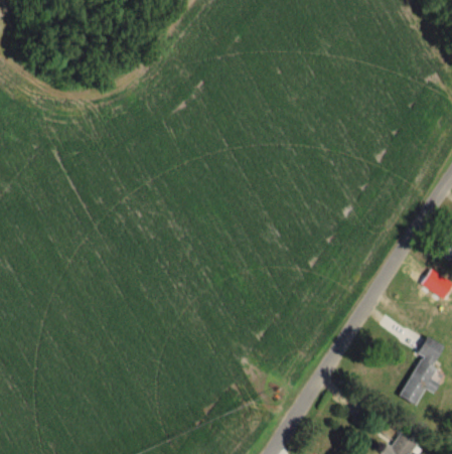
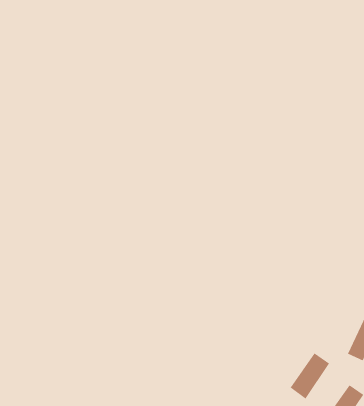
building: none -> [290,353,330,399]

